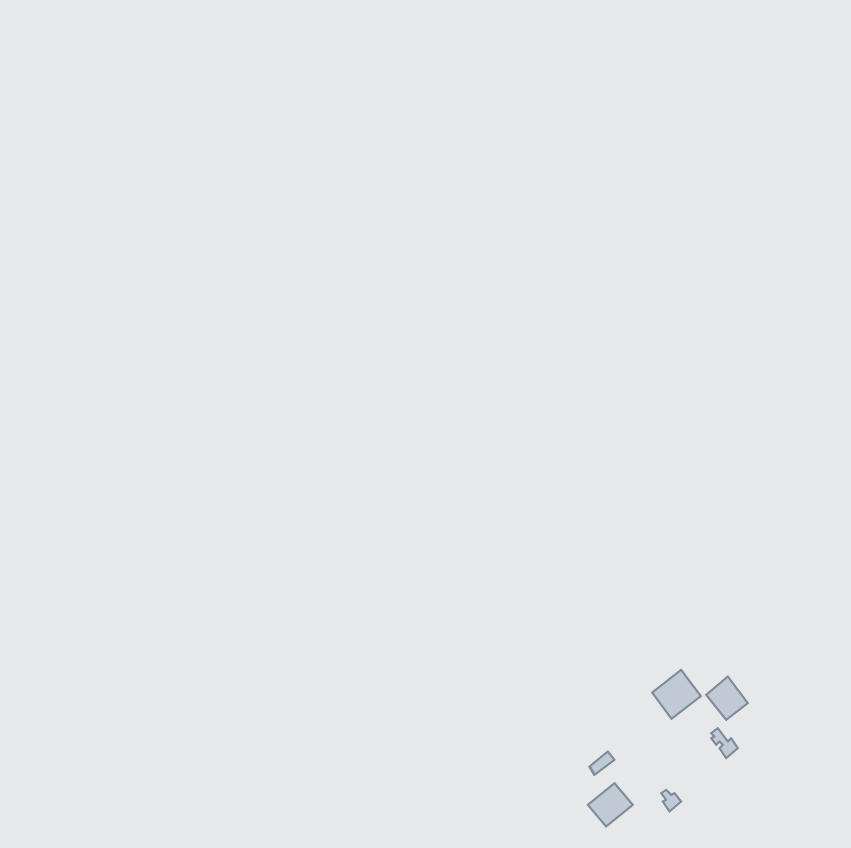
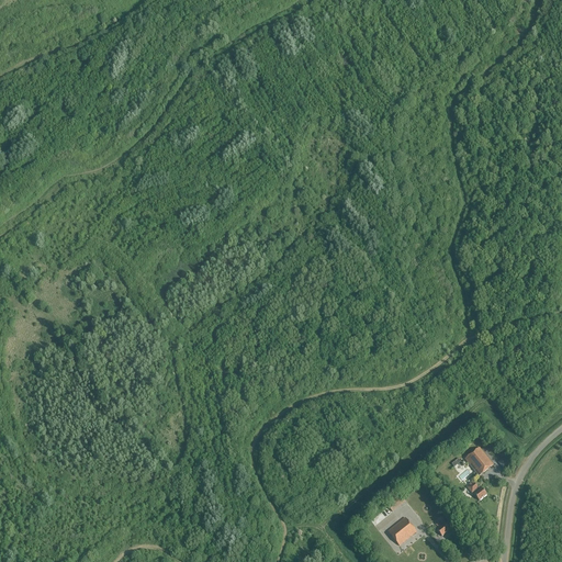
building: [652,670,701,719] -> none

